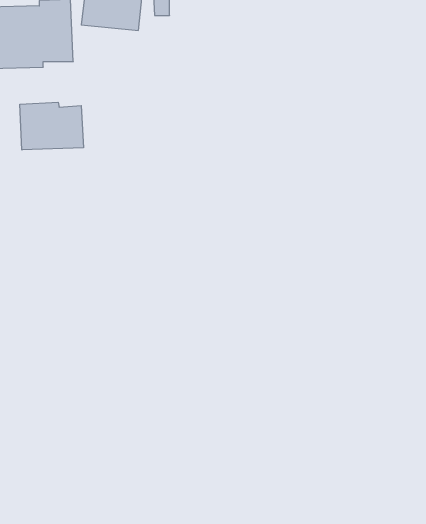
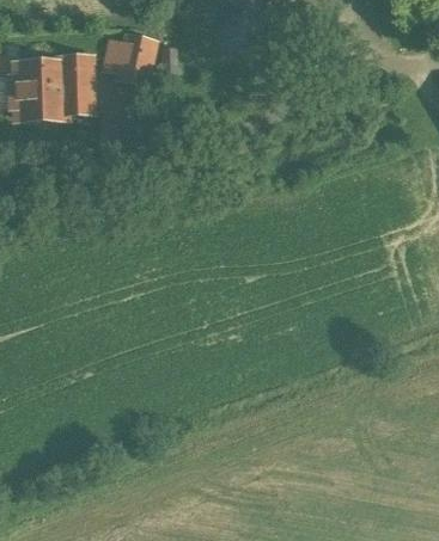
building: [20,102,83,150] -> none

